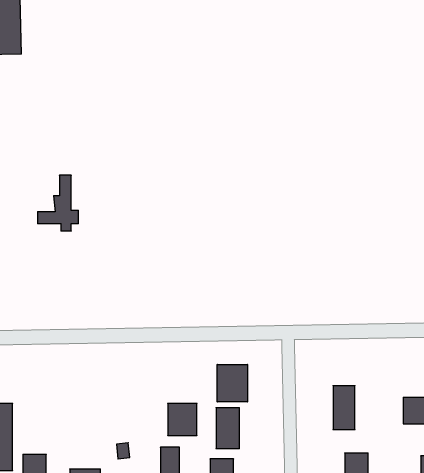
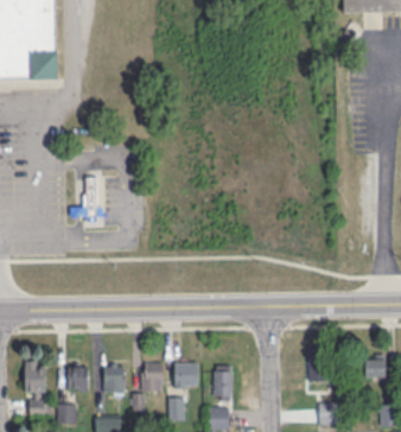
building: [217,364,247,402] -> none
building: none -> [141,361,164,390]
building: none -> [103,362,125,393]
building: none -> [66,364,88,390]

